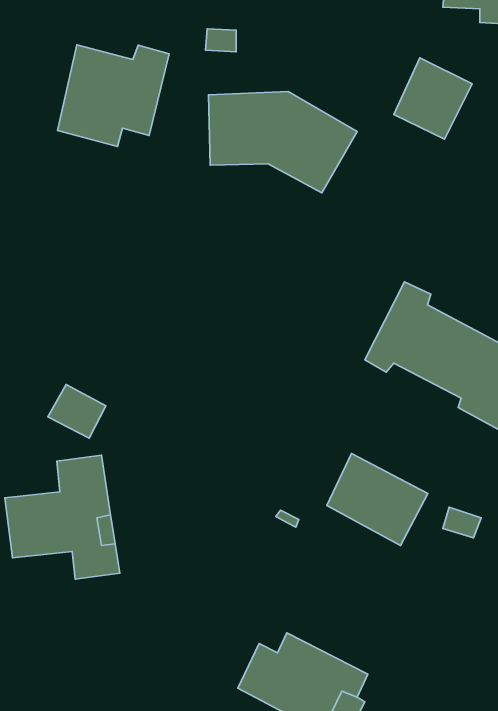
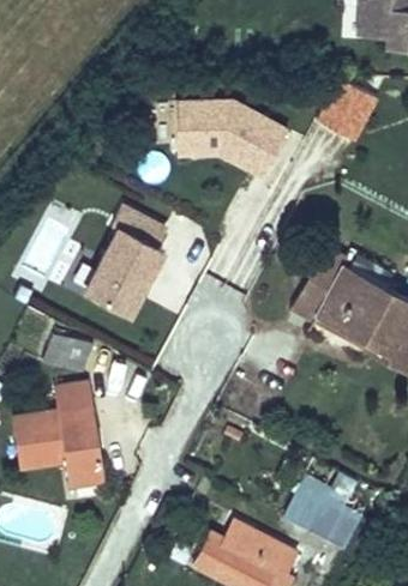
building: [57,45,169,146] -> none
building: none -> [85,206,164,320]
building: [327,454,428,546] -> [287,476,366,548]

